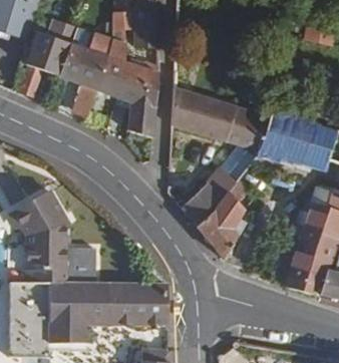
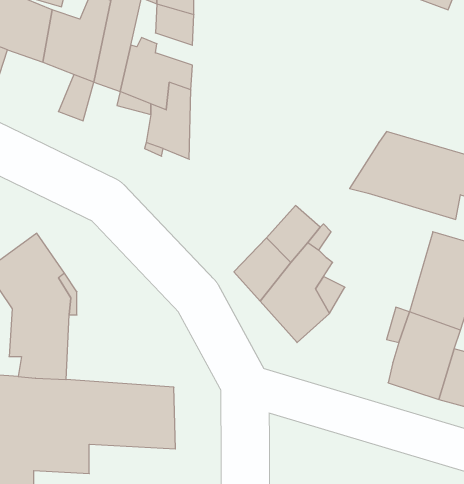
building: [178,95,279,157] -> none
building: [145,287,173,328] -> none

